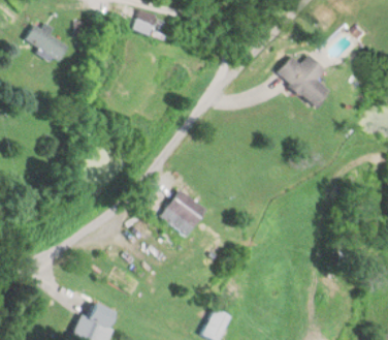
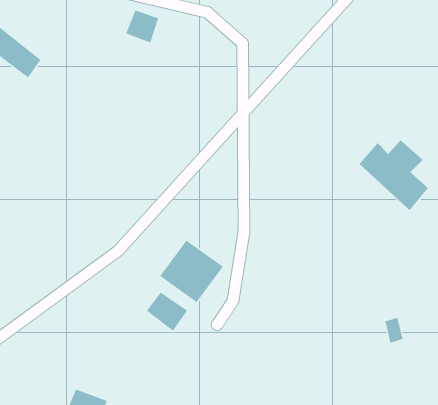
building: [277,55,330,110] -> [359,140,429,211]
building: none -> [146,291,188,332]

